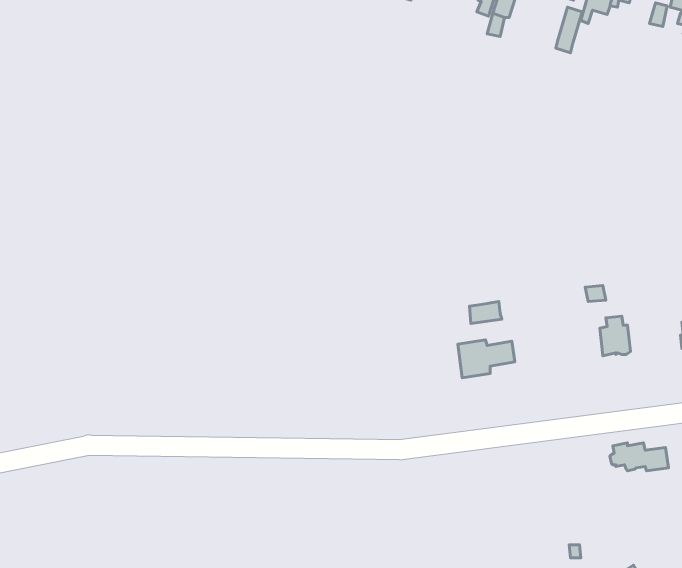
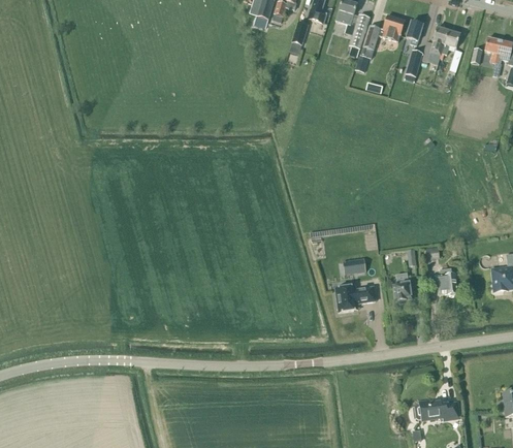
building: none -> [393,273,412,303]
building: [610,443,668,471] -> [418,399,459,419]

